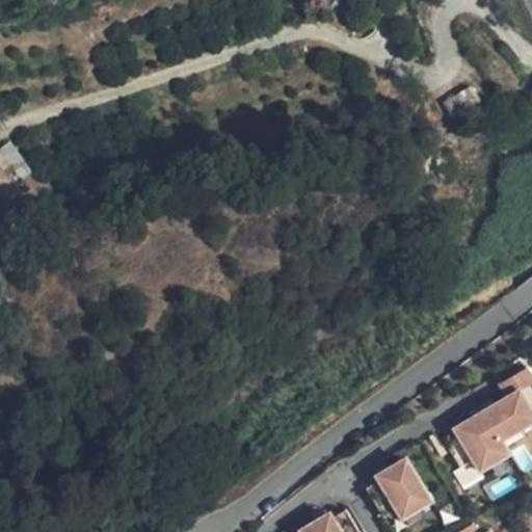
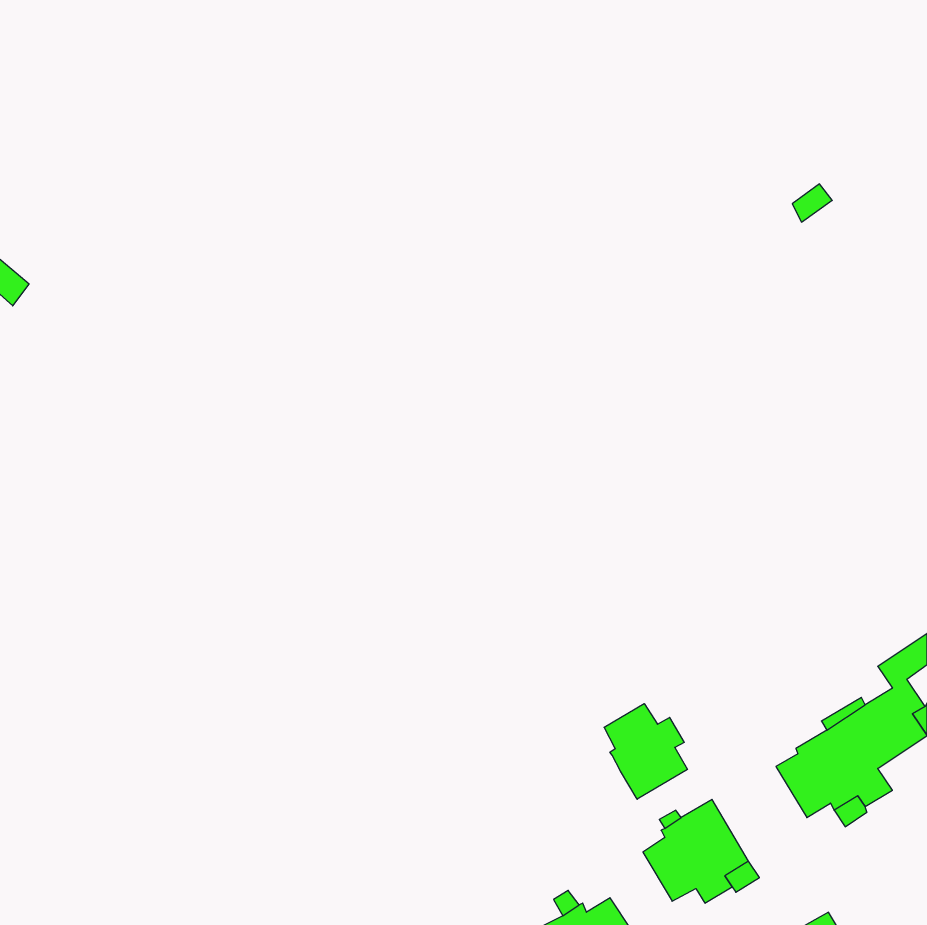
building: none -> [604,704,687,799]

